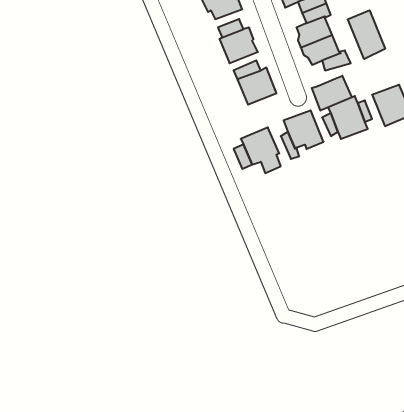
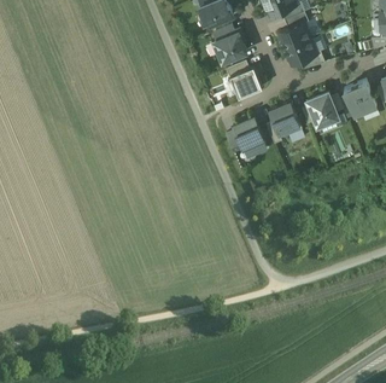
building: [348,10,385,59] -> none
building: [312,76,352,111] -> none

